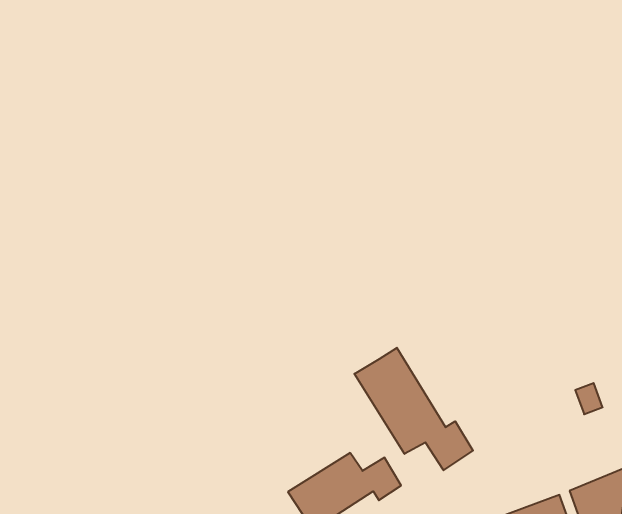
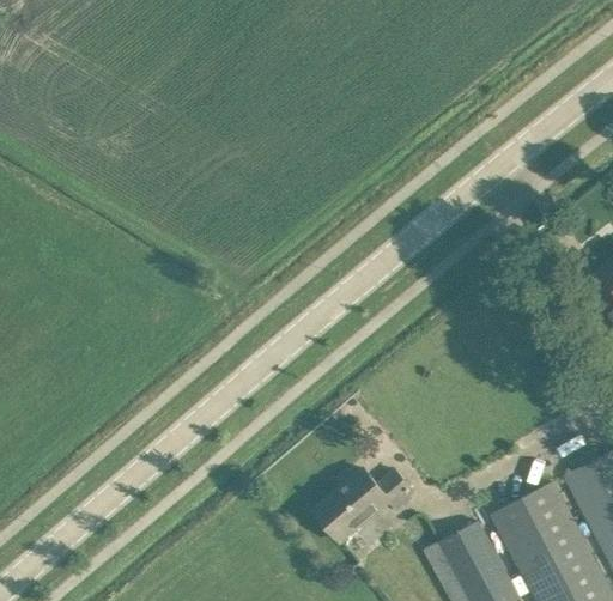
building: [354,348,473,470] -> none

